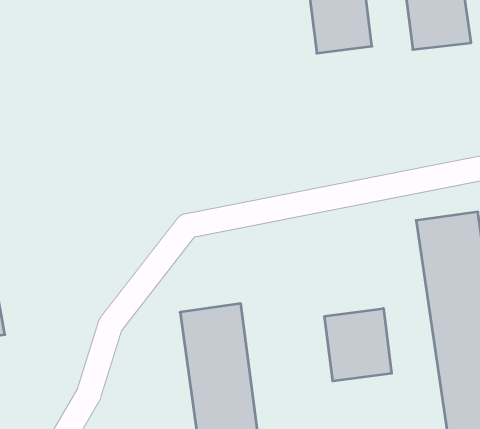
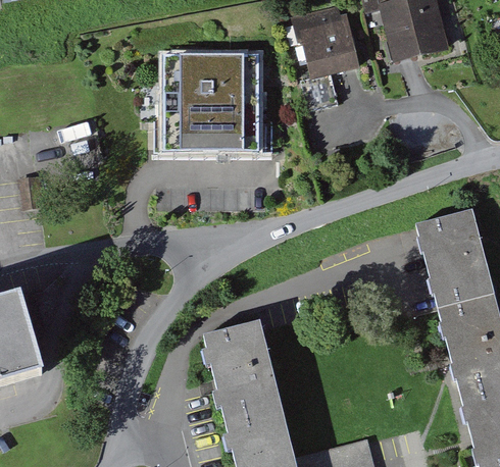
building: none -> [160,56,257,152]
building: [325,308,392,381] -> none

